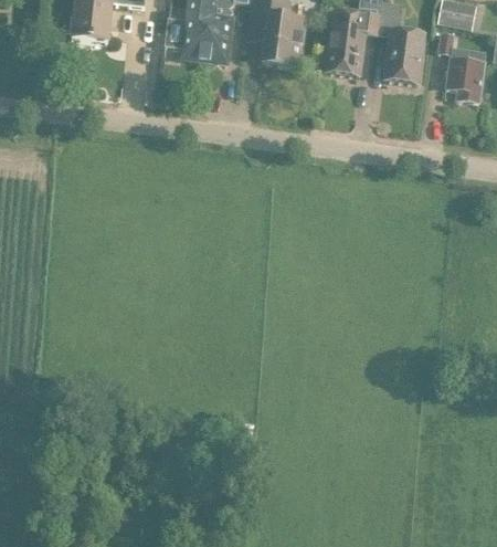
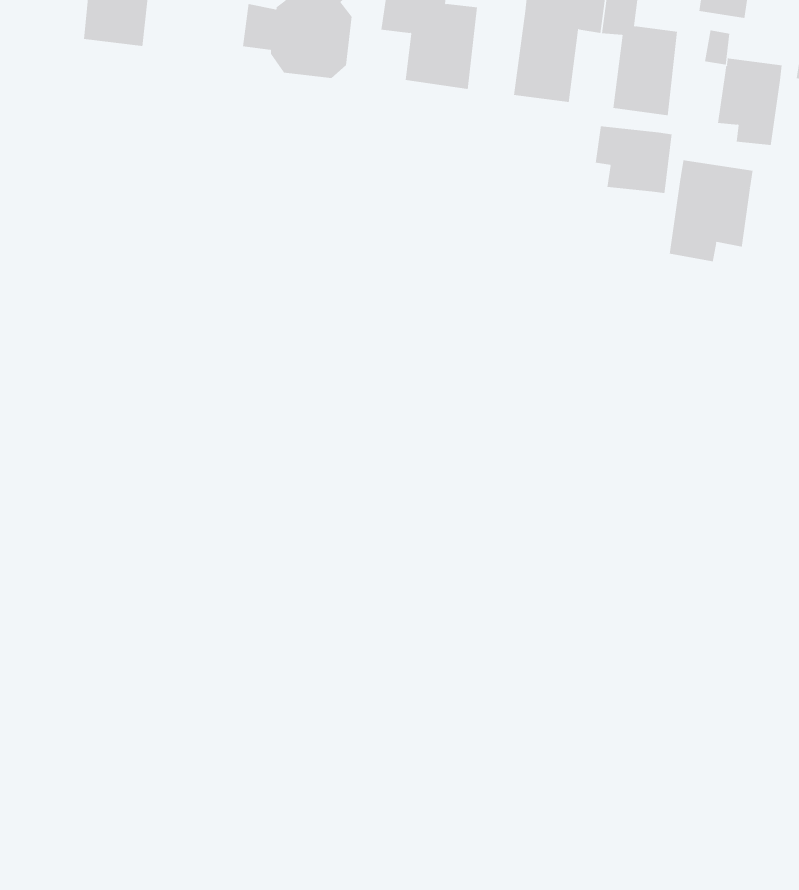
building: none -> [595,125,672,194]
building: none -> [669,160,753,262]

